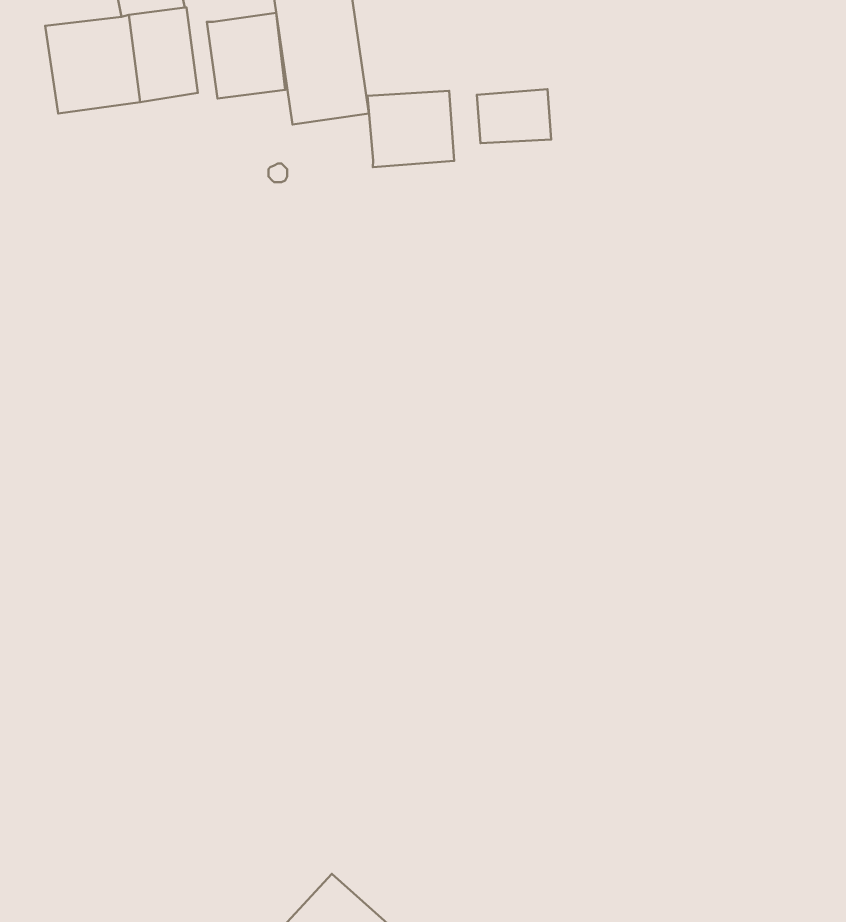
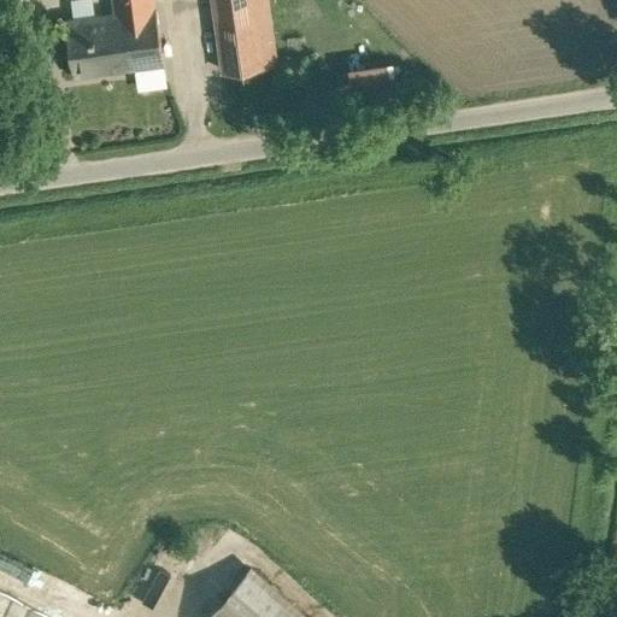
building: [207,13,285,99] -> none
building: [367,91,454,167] -> none

